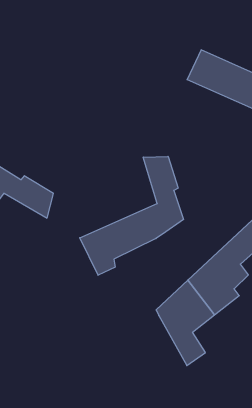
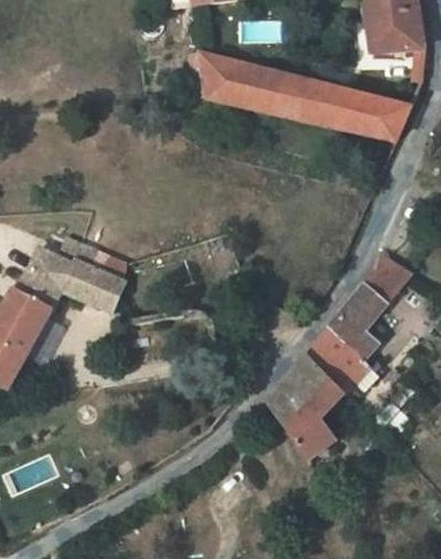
building: none -> [202,48,279,110]
building: [80,156,183,275] -> none

